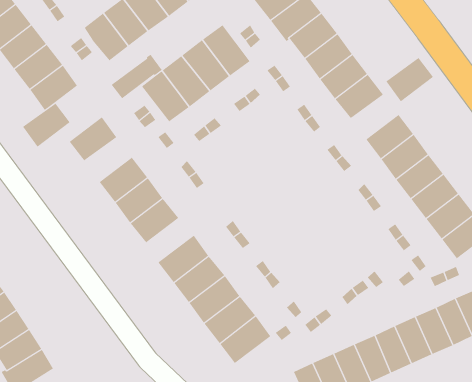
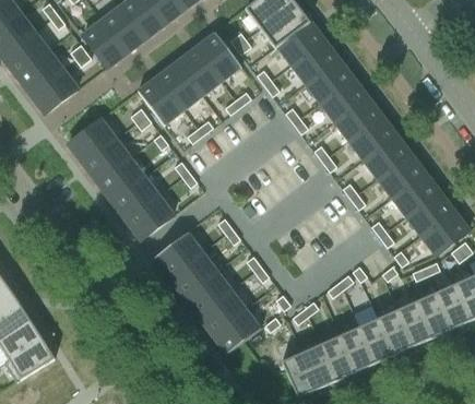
building: [111,54,162,99] -> none
building: [385,57,434,102] -> [336,98,382,141]
building: [22,103,71,148] -> [83,139,129,181]

